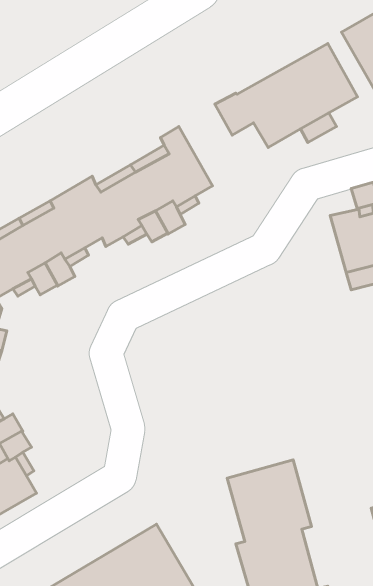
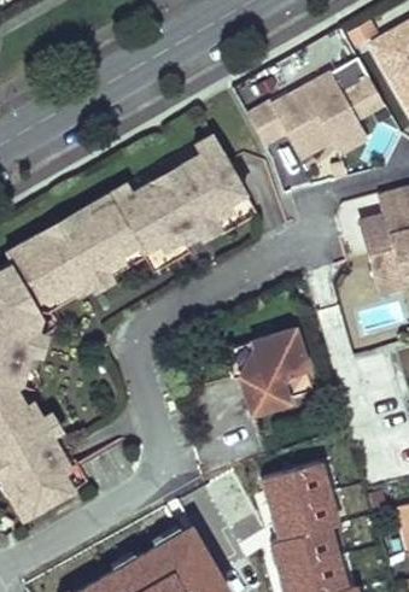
building: none -> [232,330,315,414]

